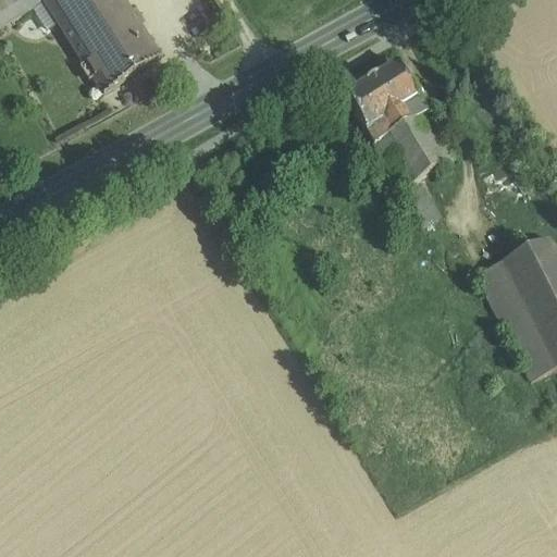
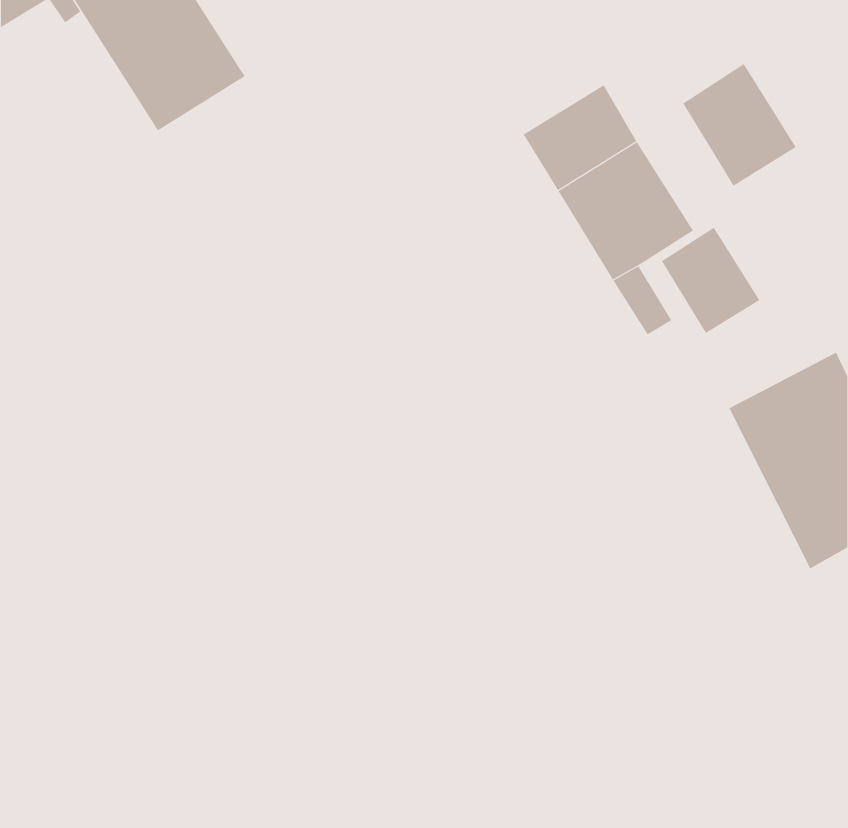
building: none -> [683,63,796,186]
building: none -> [661,227,760,334]

